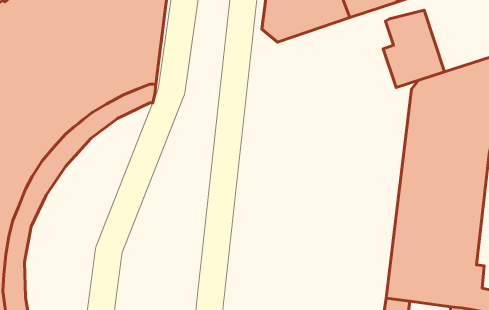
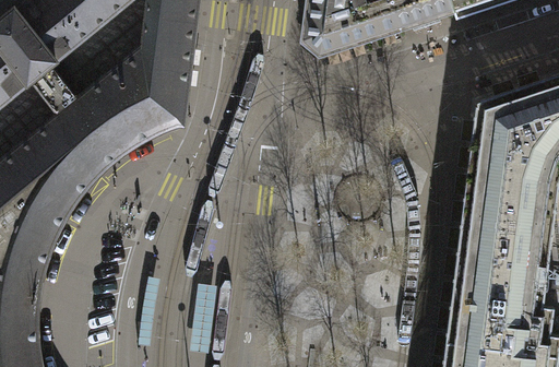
building: [383,10,445,88] -> none

